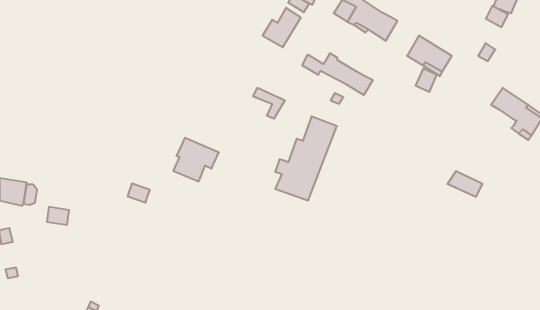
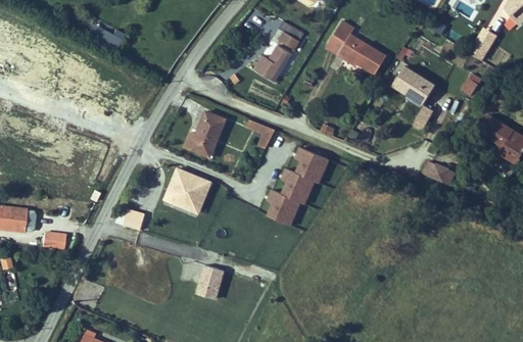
building: [302,53,373,95] -> none
building: none -> [187,109,228,155]
building: [447,171,483,197] -> [422,161,456,186]
building: none -> [198,263,226,298]

